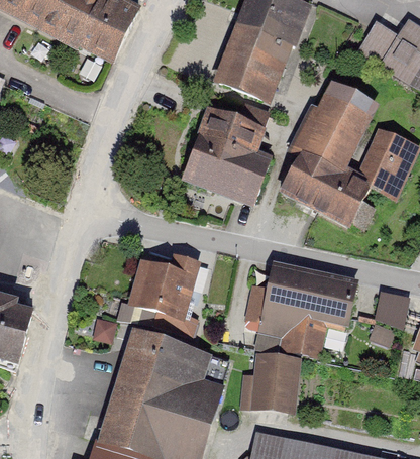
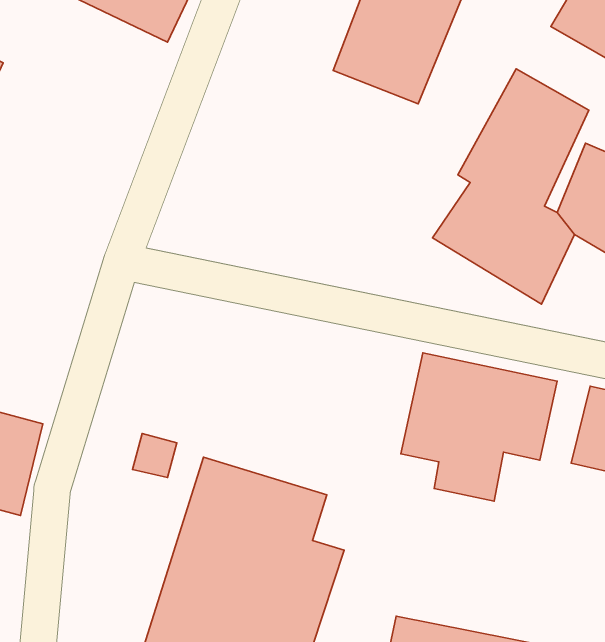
building: [184,107,271,205] -> none
building: [129,253,199,319] -> none
building: [238,353,299,412] -> none

